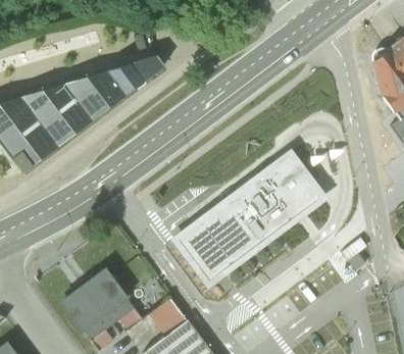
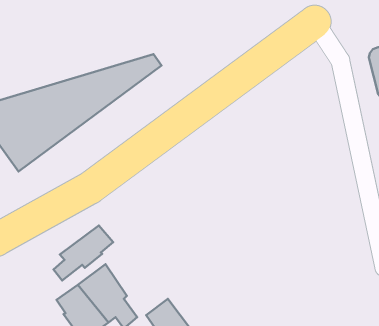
building: [176,155,320,282] -> none
building: none -> [54,226,113,280]

